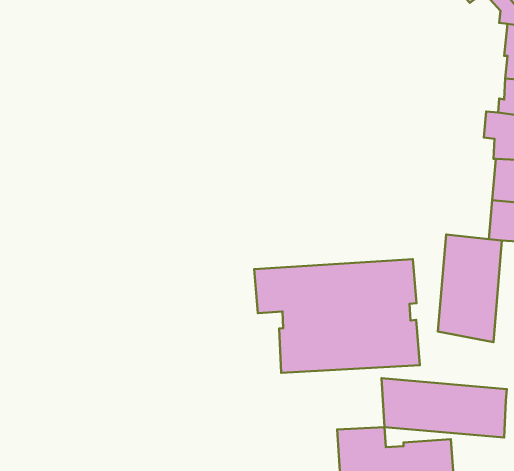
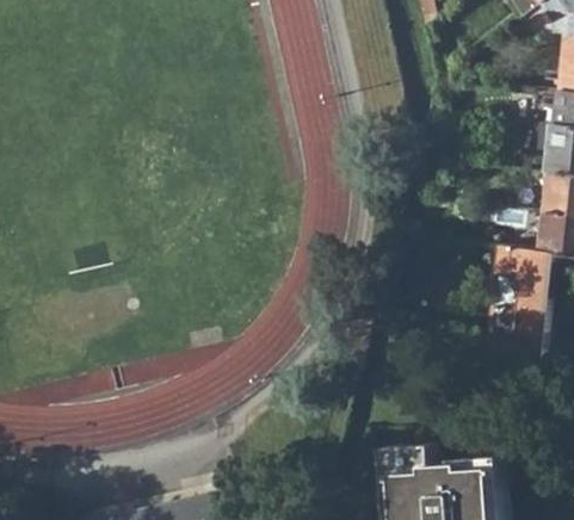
building: [254,259,420,373] -> none
building: [381,378,507,437] -> none

